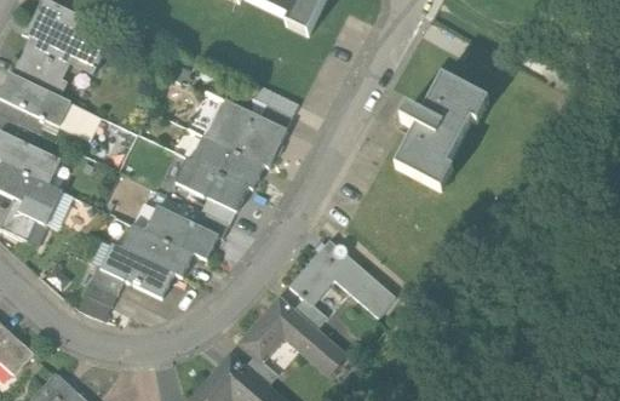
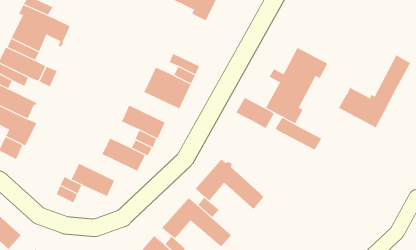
building: none -> [338,54,411,128]
building: [196,138,263,188] -> none
building: none -> [236,97,274,129]
building: none -> [275,117,322,151]
building: [126,227,191,276] -> none

